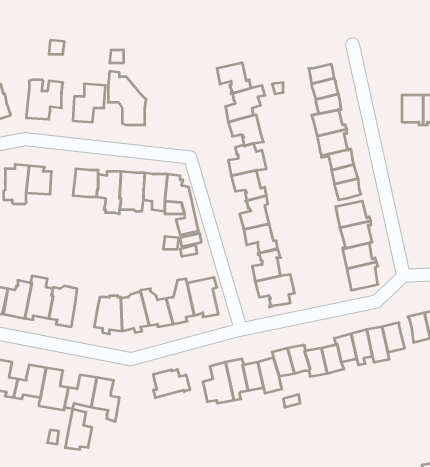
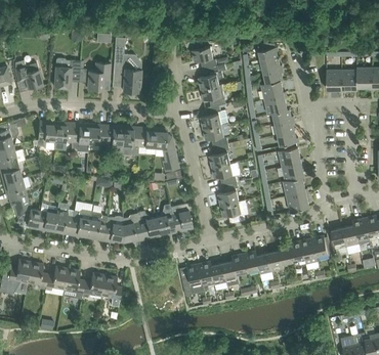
building: none -> [71,124,89,152]
building: none -> [86,211,107,240]
building: [153,369,190,398] -> none
building: [65,409,92,450] -> none

